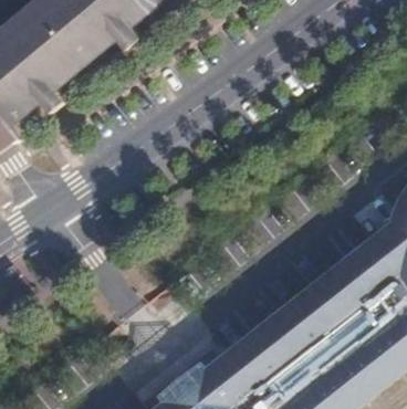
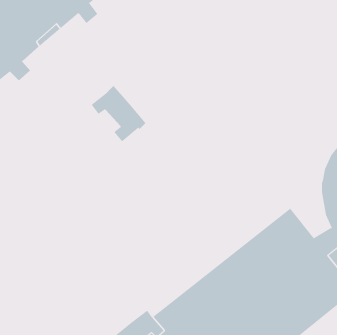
building: none -> [91,85,146,142]
building: [352,226,397,286] -> none

